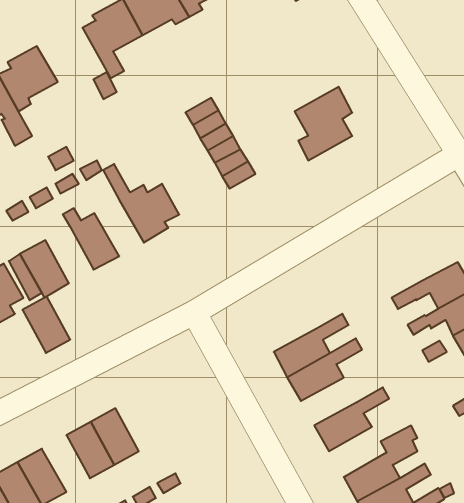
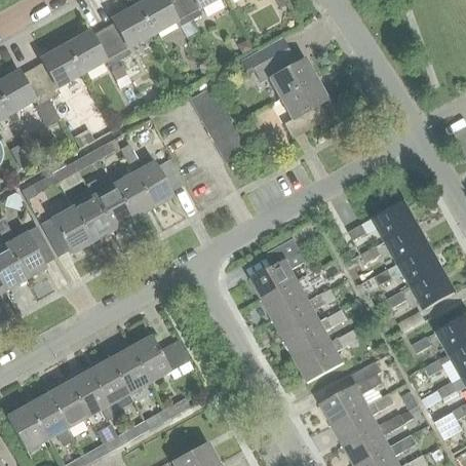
building: none -> [64,29,119,74]
building: none -> [251,47,316,99]
building: none -> [112,172,153,220]
building: none -> [348,191,416,240]
building: none -> [250,238,306,300]
building: [22,296,70,353] -> [71,195,111,242]
building: none -> [284,309,347,361]
building: none -> [129,335,185,383]
building: none -> [68,370,114,421]

